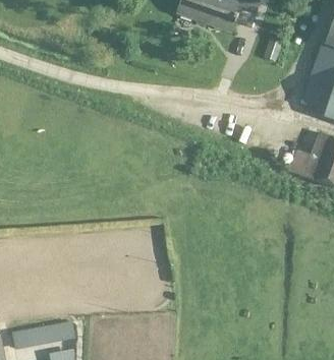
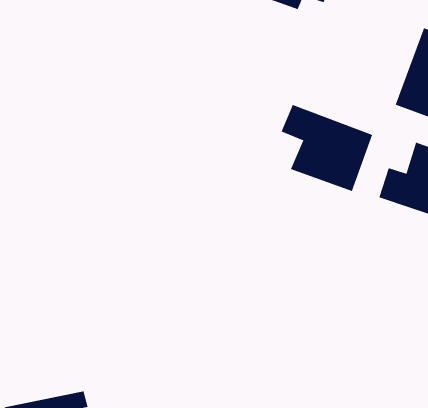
building: none -> [281,104,373,192]

